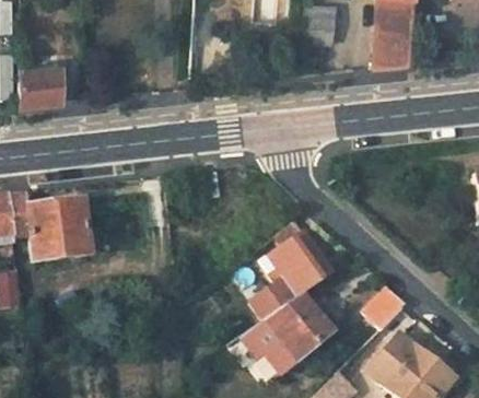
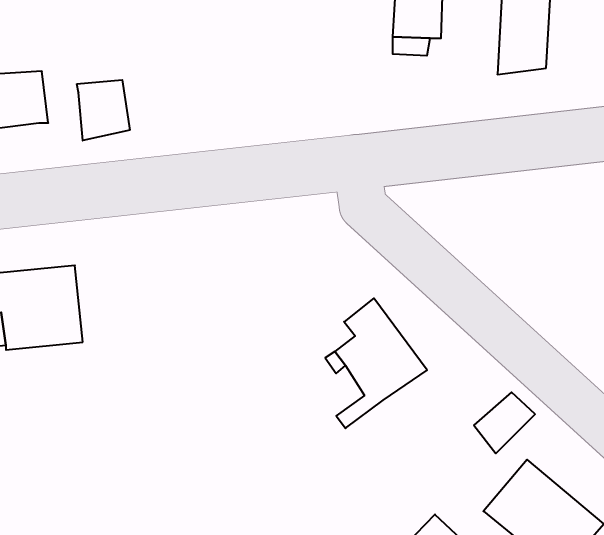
building: none -> [77,80,130,141]
building: [259,294,327,371] -> none

